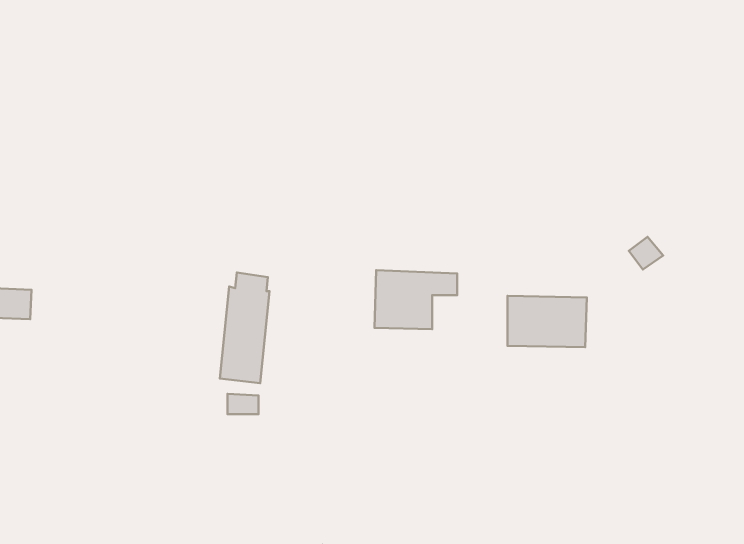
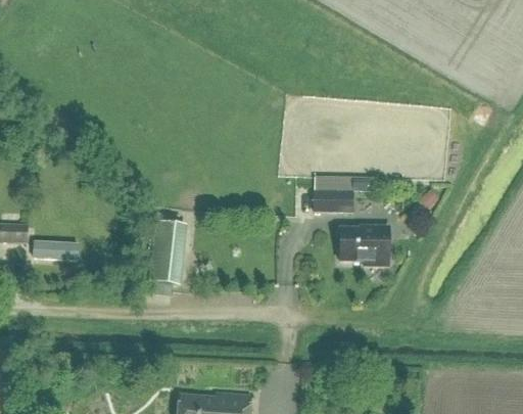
building: [375,270,457,329] -> [316,175,370,214]
building: none -> [34,240,80,260]

